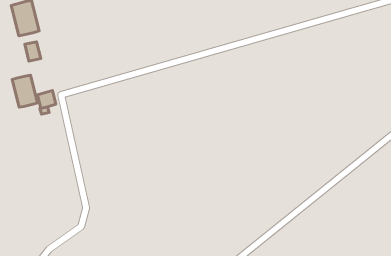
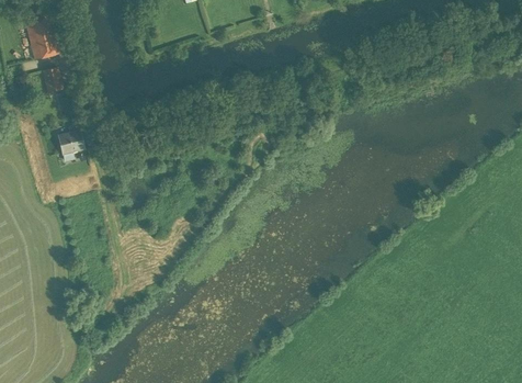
building: [12,75,38,107] -> none

